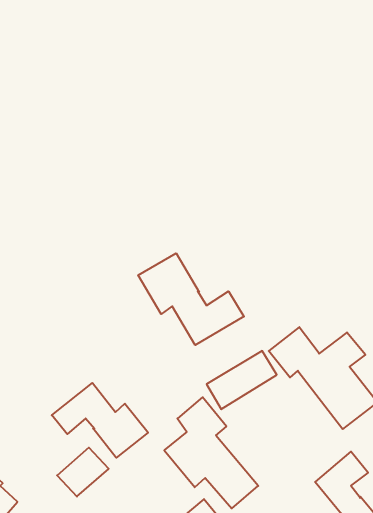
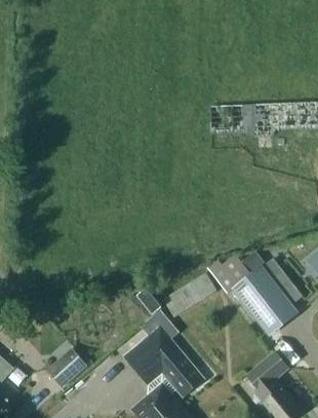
building: [138,253,244,345] -> none
building: [52,383,148,458] -> none

